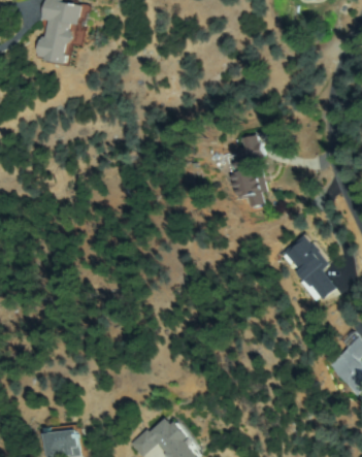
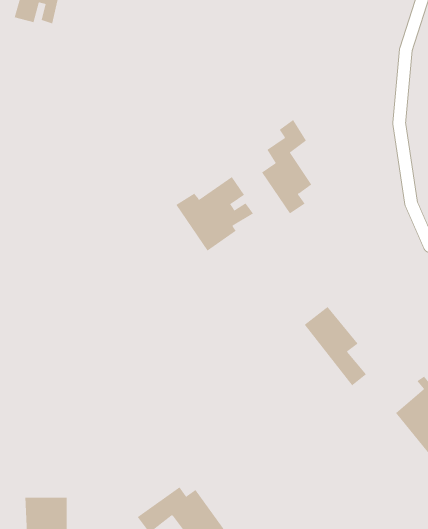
building: none -> [176,176,254,252]
building: [284,237,332,299] -> [304,306,367,386]

